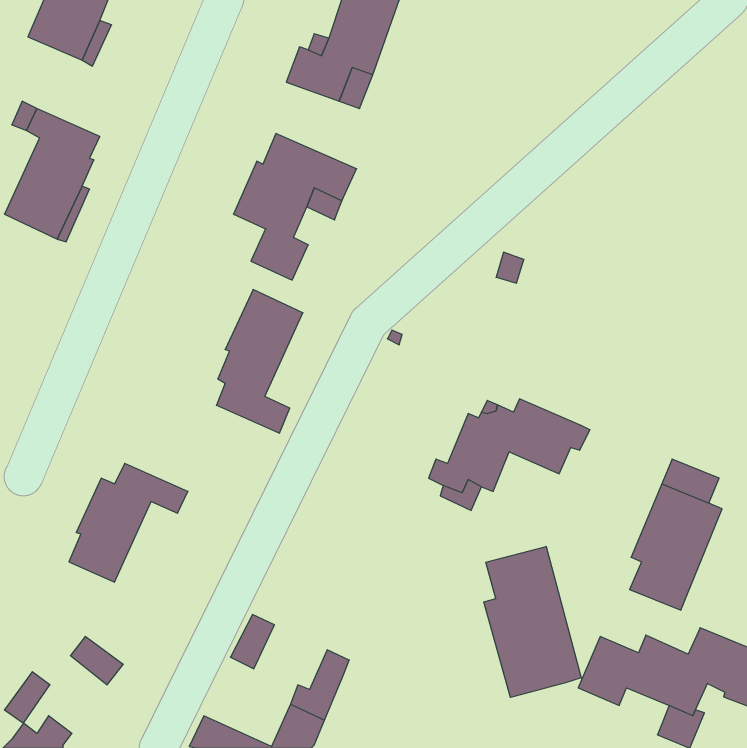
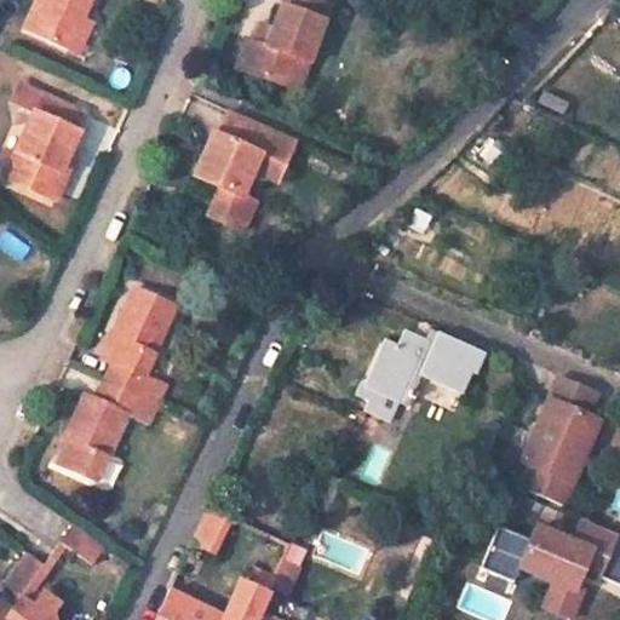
building: [216,289,303,433] -> [105,287,177,406]
building: [484,546,581,697] -> none

